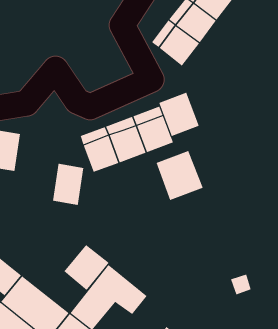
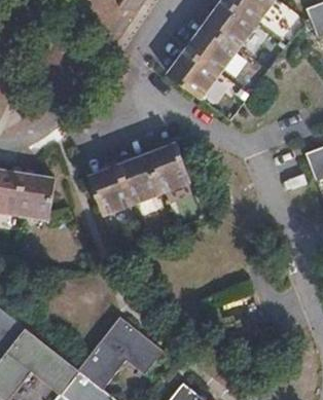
building: [159,92,199,137] -> none
building: [156,150,204,201] -> none
building: [52,163,84,205] -> [17,174,52,220]
building: [64,244,110,291] -> none

